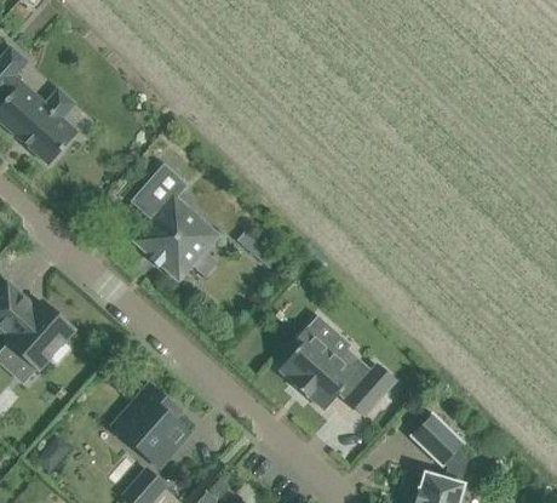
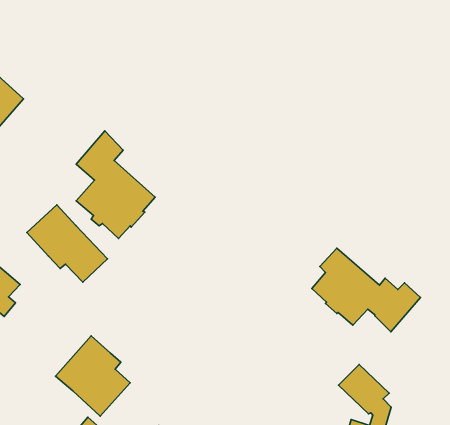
building: none -> [27,205,107,282]
building: [280,327,395,416] -> [312,248,421,332]

